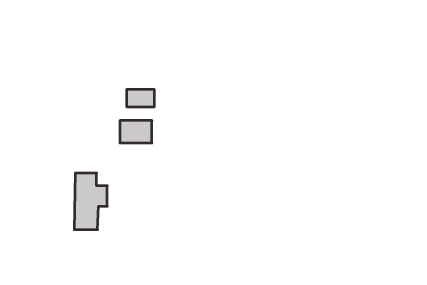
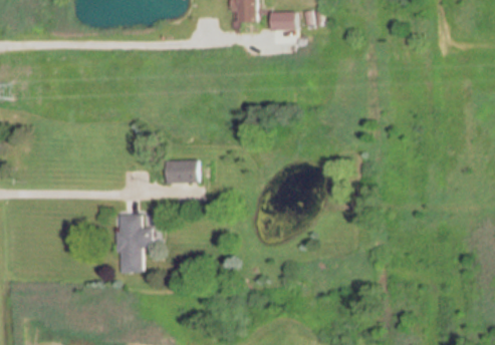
building: [127,89,154,107] -> none

